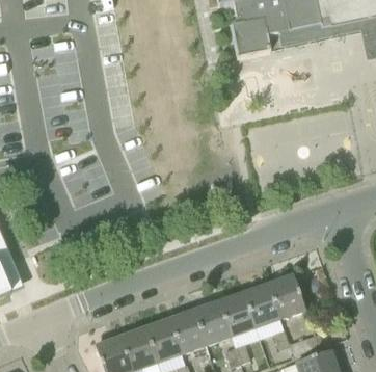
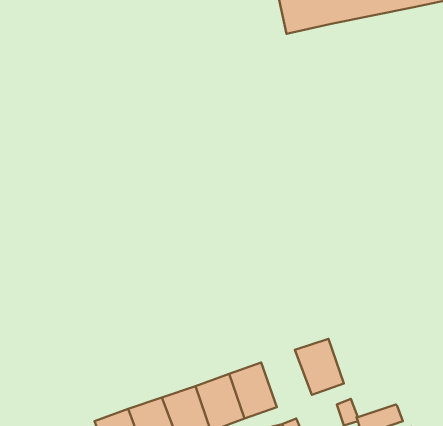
building: [269,275,305,318] -> none
building: [219,293,257,336] -> none

